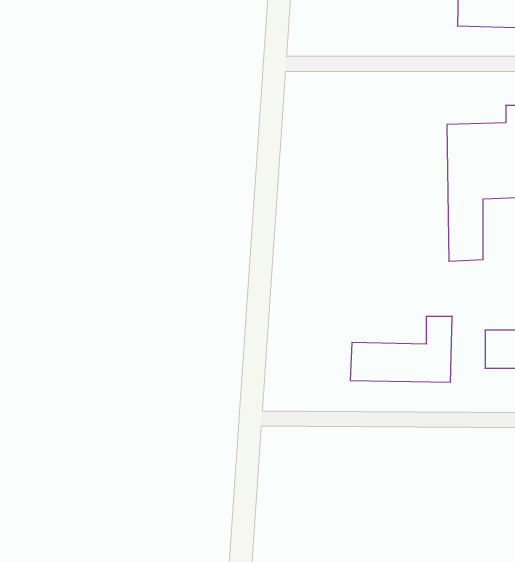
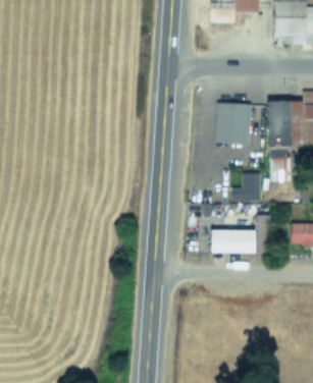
building: none -> [215,103,251,145]
building: none -> [232,173,261,201]

